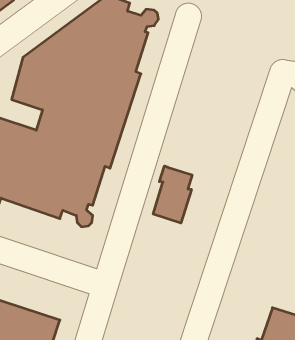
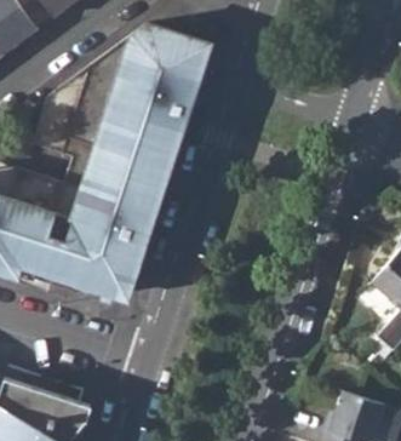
building: [153,166,192,223] -> none

